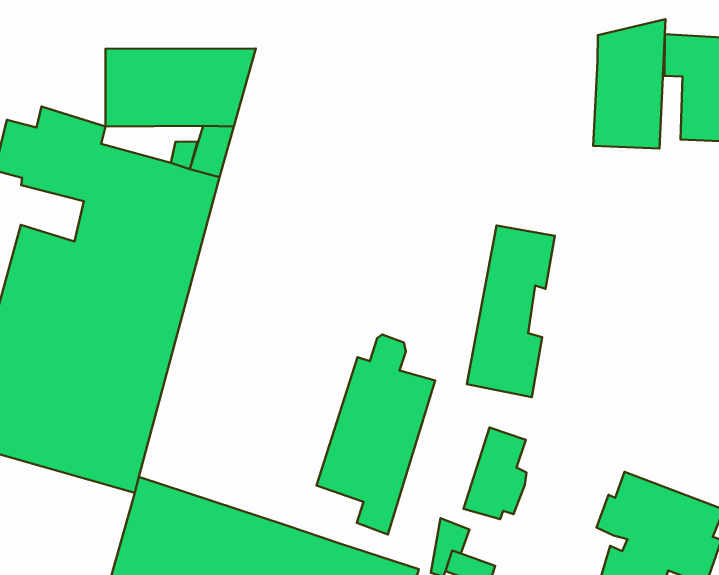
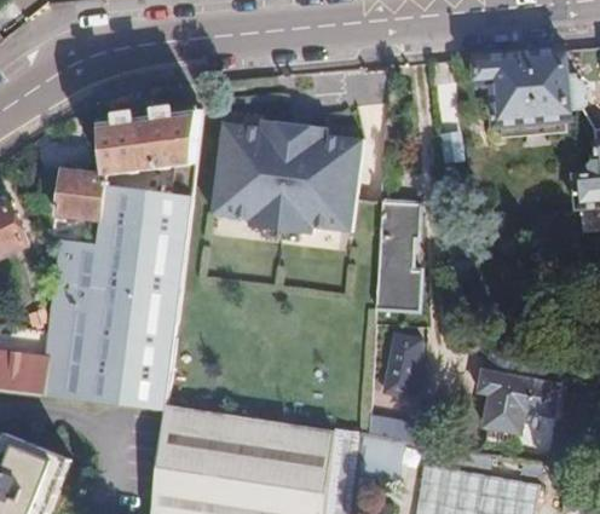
building: [593,19,666,149] -> none
building: none -> [212,121,362,237]
building: [316,335,435,535] -> none

